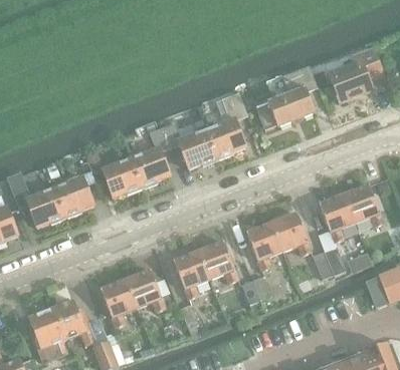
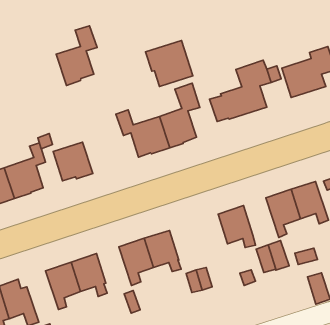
building: none -> [146,41,193,87]
building: [131,127,172,189] -> [56,26,97,86]
building: [245,223,282,271] -> none

